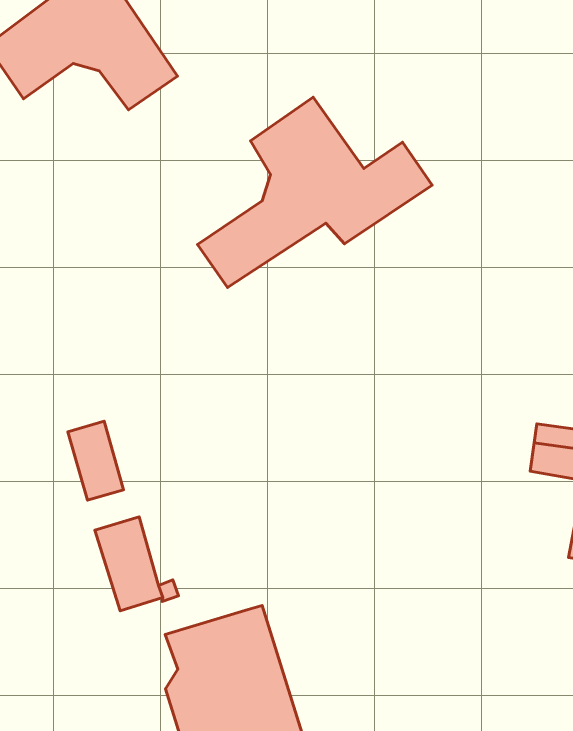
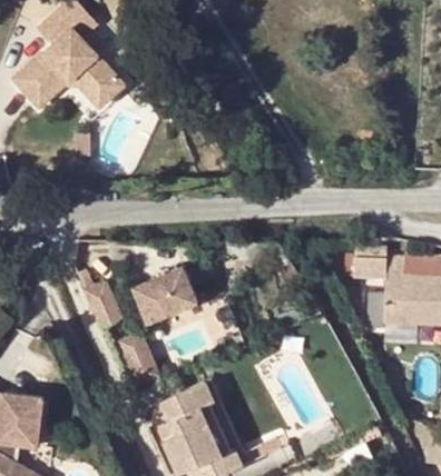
building: [198,97,432,288] -> none
building: none -> [131,265,198,323]

